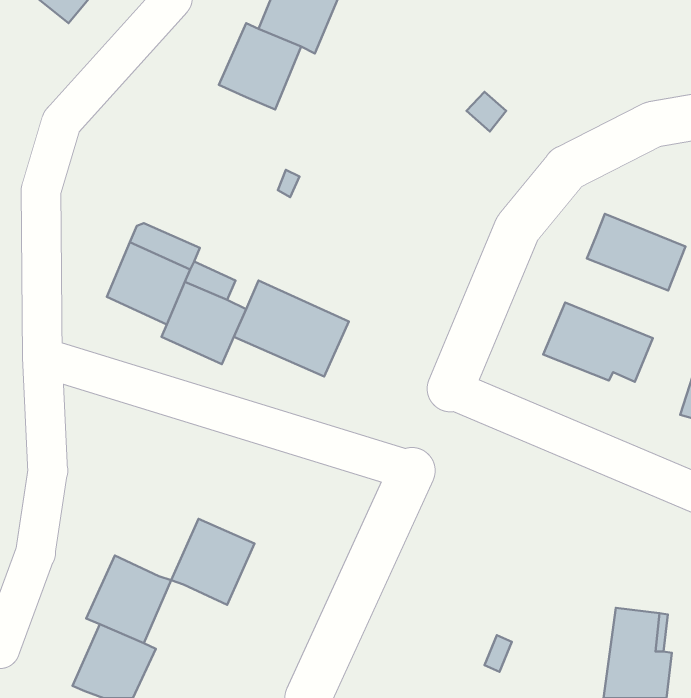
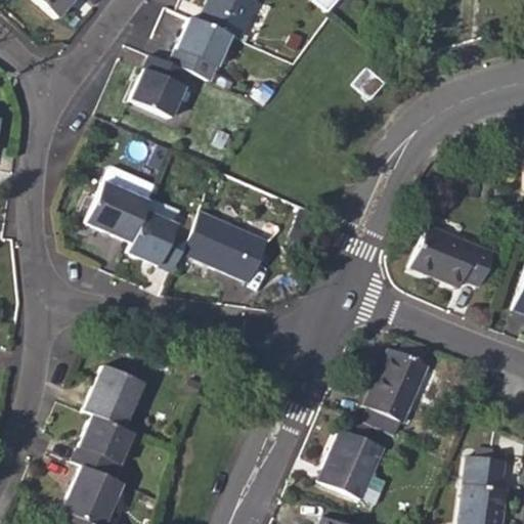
building: none -> [129,53,190,118]
building: [587,214,685,290] -> none
building: none -> [362,347,429,435]
building: [171,519,255,605] -> [83,366,145,431]
building: none -> [320,428,385,499]

